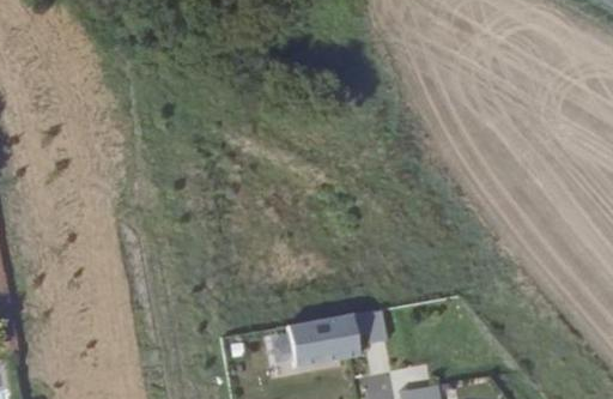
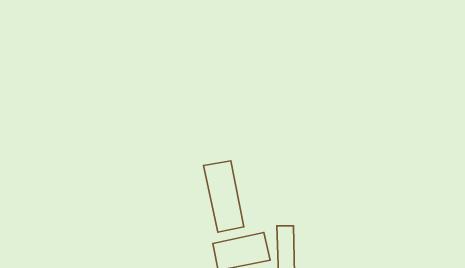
building: none -> [203,161,244,232]

